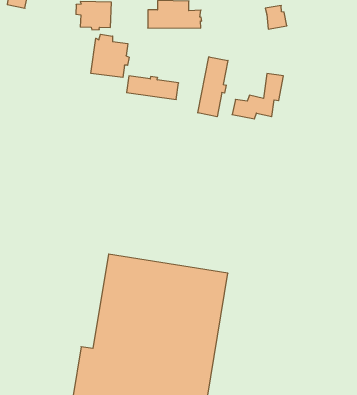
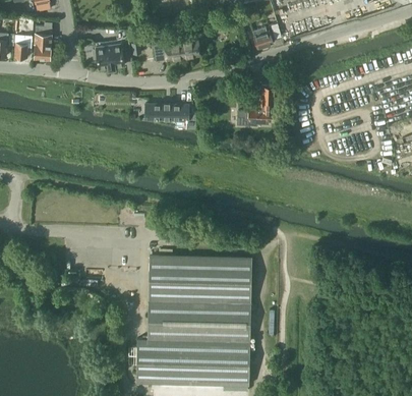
building: [91,34,129,77] -> none
building: [198,57,228,117] -> none

